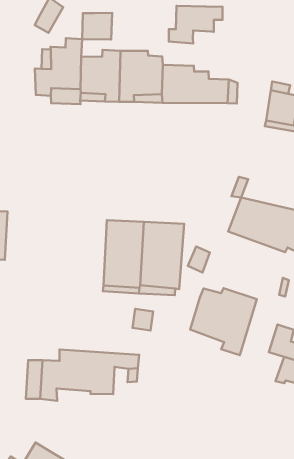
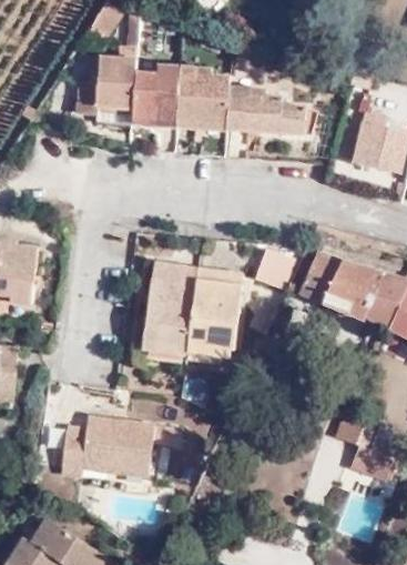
building: [169,6,222,43] -> none
building: [82,13,112,39] -> none
building: none -> [253,244,294,286]
building: [190,288,257,355] -> none

